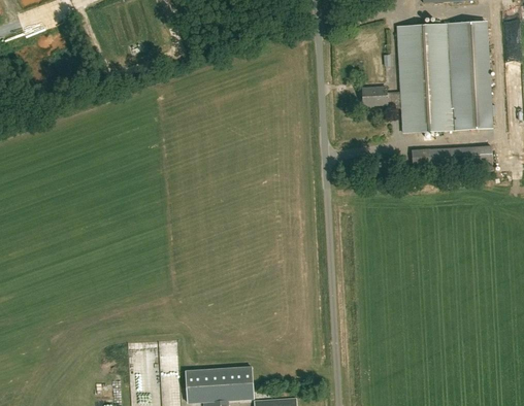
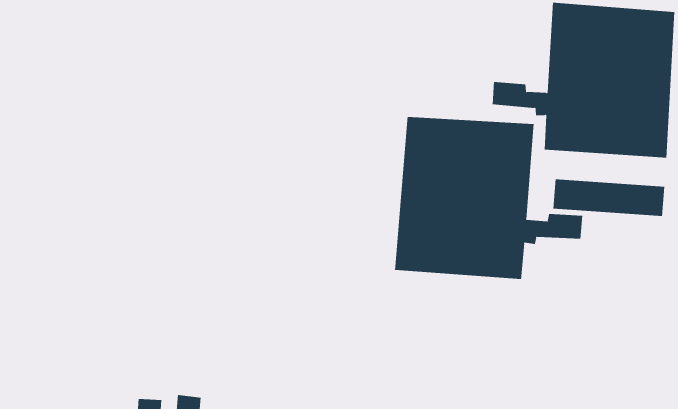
building: none -> [395,116,583,280]

